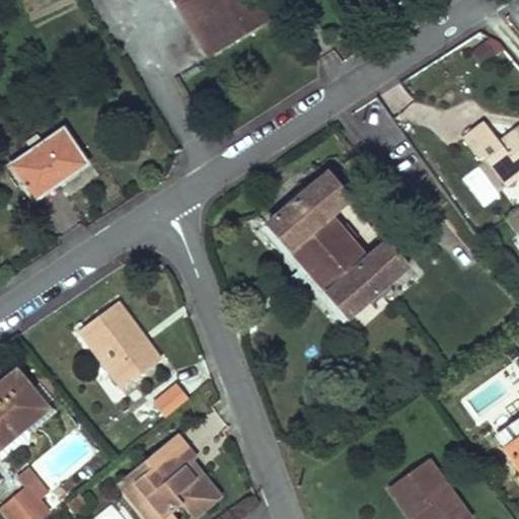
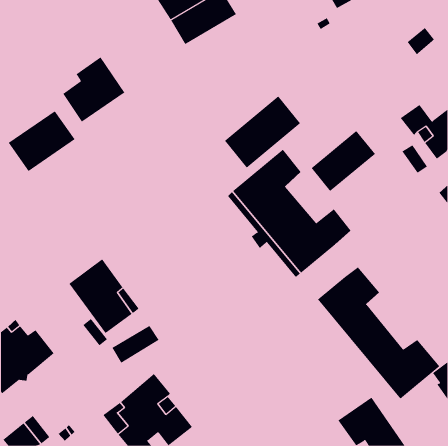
building: none -> [62,57,125,122]
building: none -> [224,96,301,169]
building: none -> [311,130,376,192]
building: none -> [317,267,440,400]

